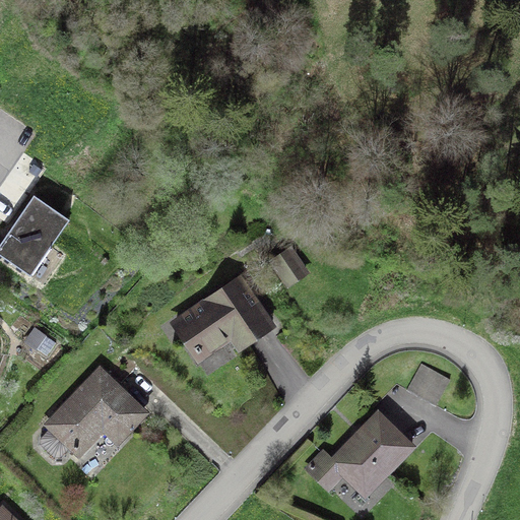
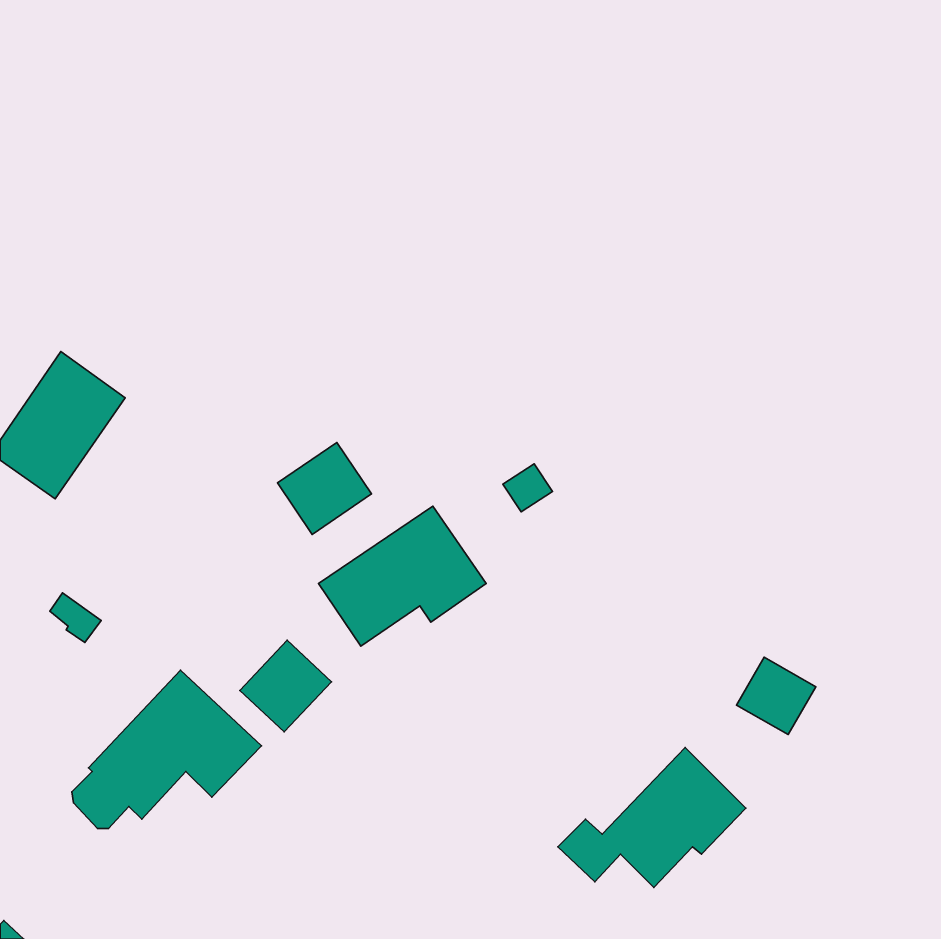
building: none -> [277,443,372,534]
building: none -> [240,640,332,732]

